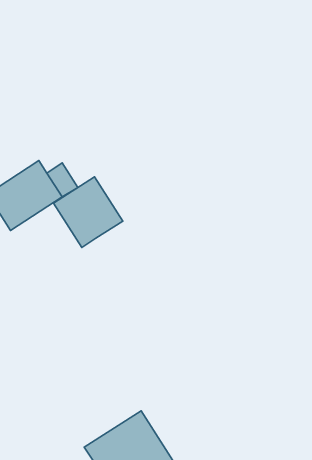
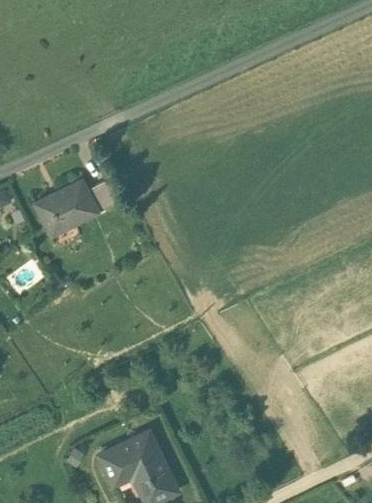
building: [53,177,123,248] -> none

